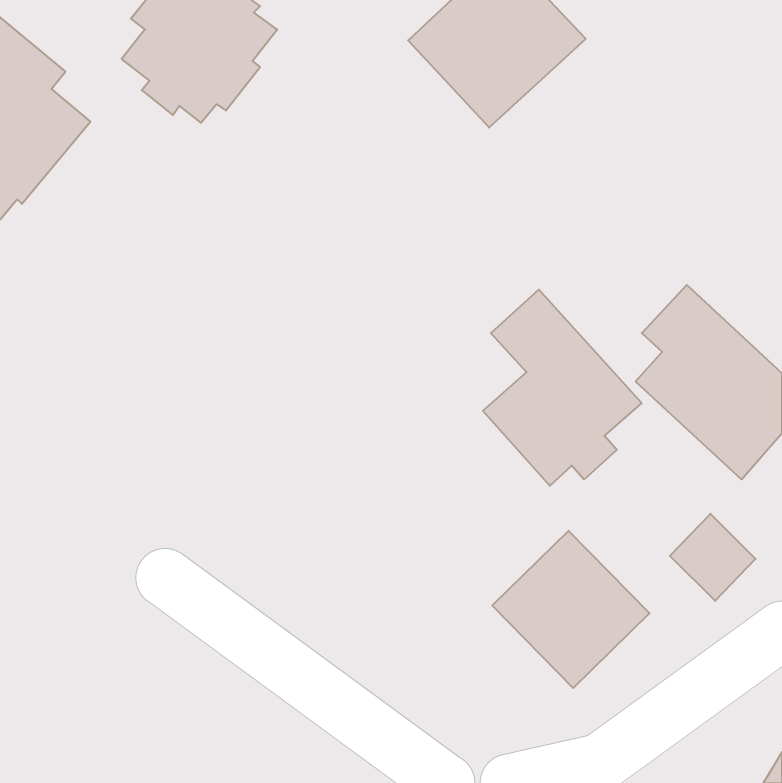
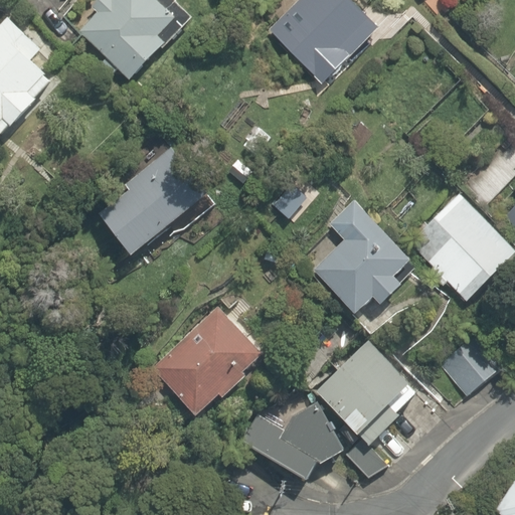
building: none -> [91,136,217,262]
building: none -> [149,303,263,416]
building: none -> [241,397,349,487]

